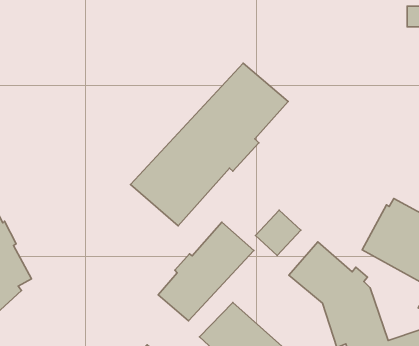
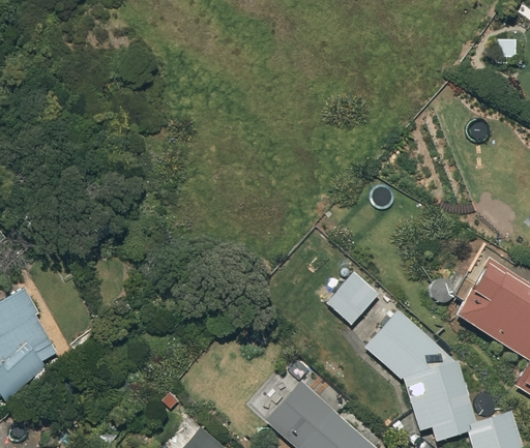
building: [131,63,288,226] -> none
building: [158,222,254,321] -> none

